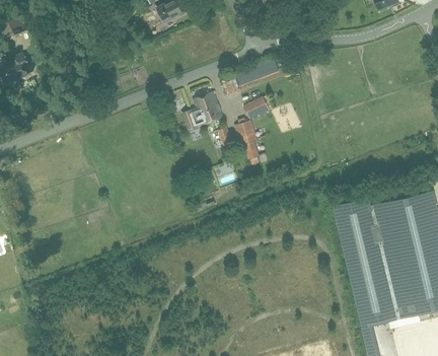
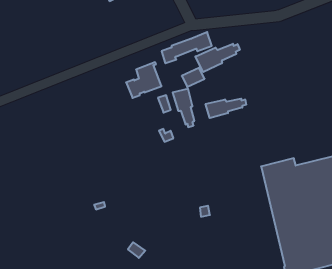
building: none -> [195,44,240,72]
building: none -> [206,99,246,118]

